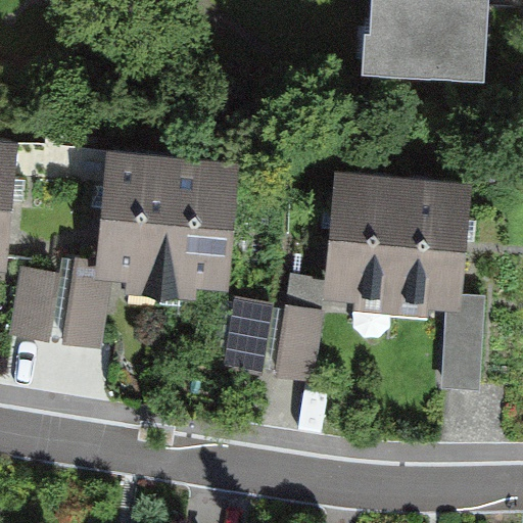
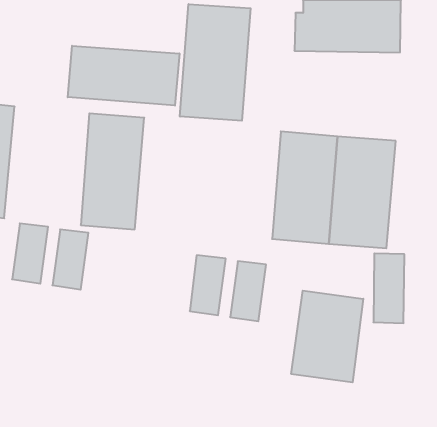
building: none -> [180,4,251,121]
building: none -> [68,46,179,106]
building: [160,154,238,292] -> none
building: none -> [291,291,363,382]

